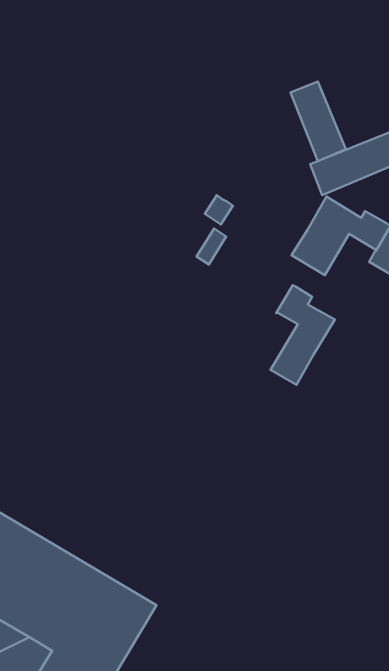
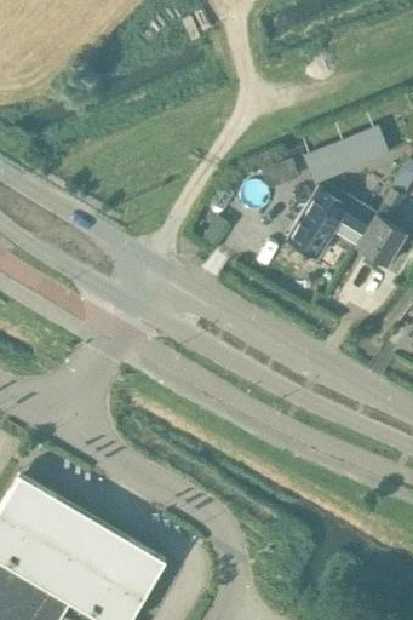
building: [291,82,346,161] -> none
building: [271,285,335,385] -> none

